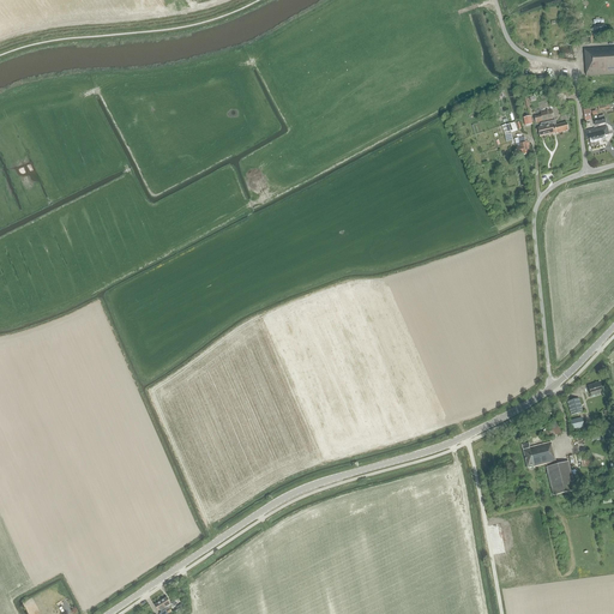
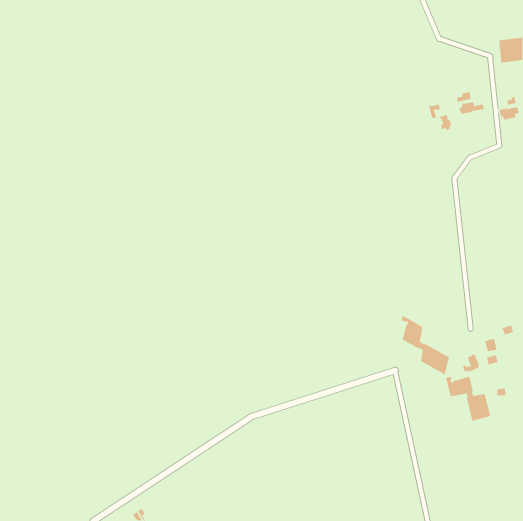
building: none -> [401,315,450,376]

